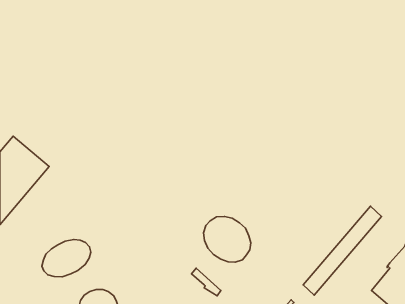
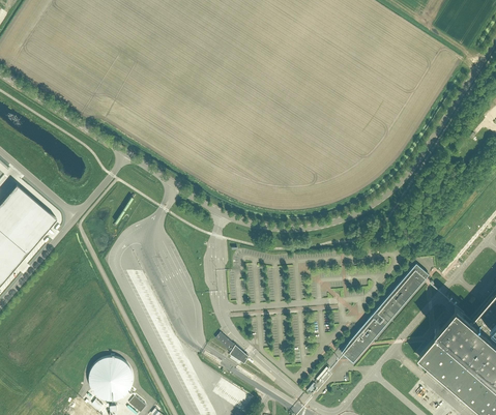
building: [203,216,251,262] -> none
building: [42,239,91,277] -> none

